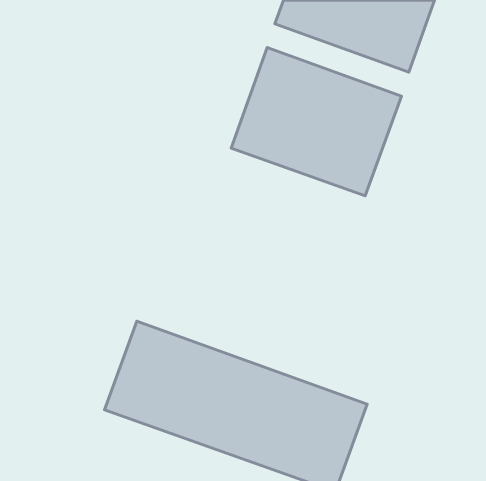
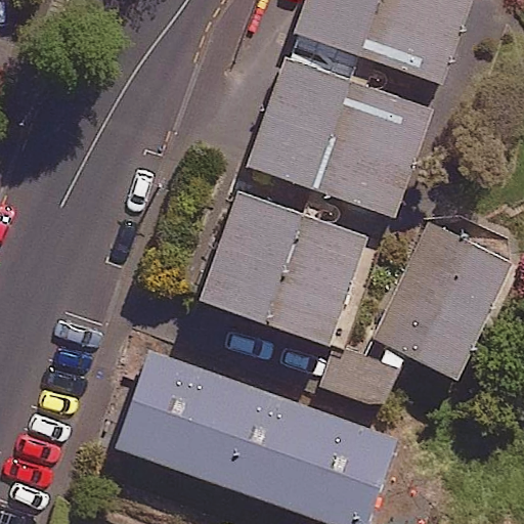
building: none -> [196,188,366,343]
building: none -> [326,225,512,413]

